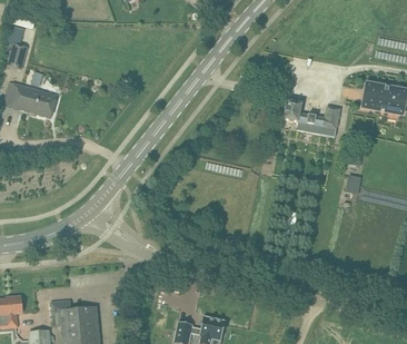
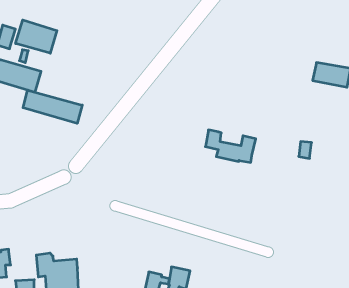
building: none -> [16,20,57,53]
building: [284,99,340,136] -> [205,130,256,162]
building: none -> [23,90,82,123]

